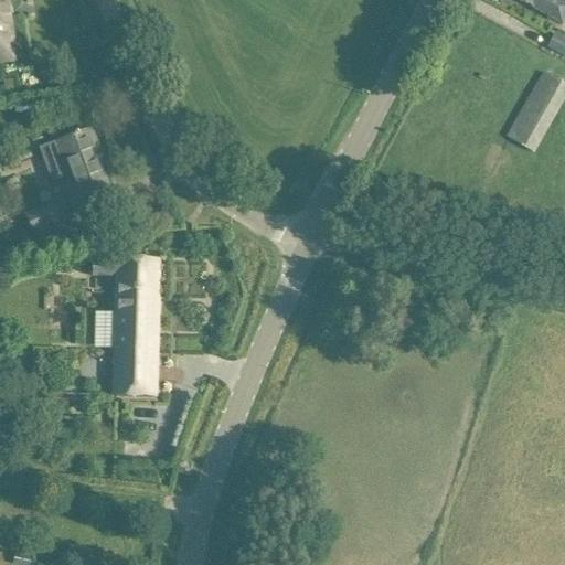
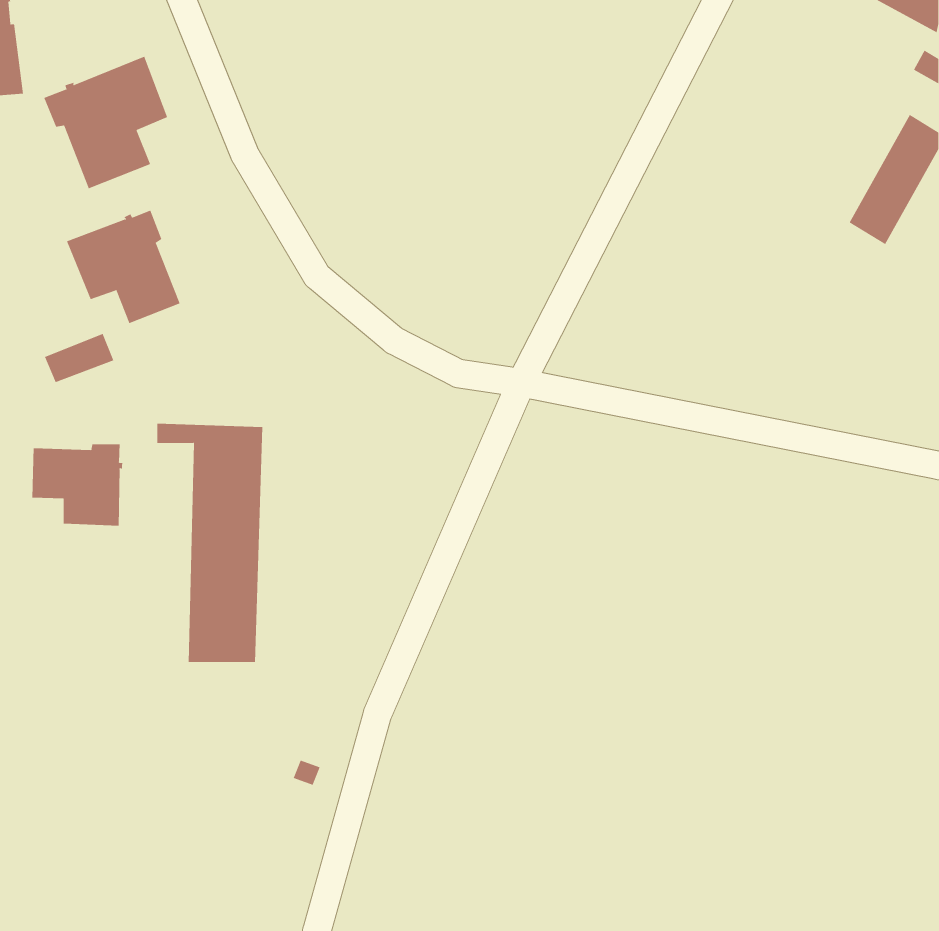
building: none -> [44,56,168,189]
building: none -> [32,444,123,527]

